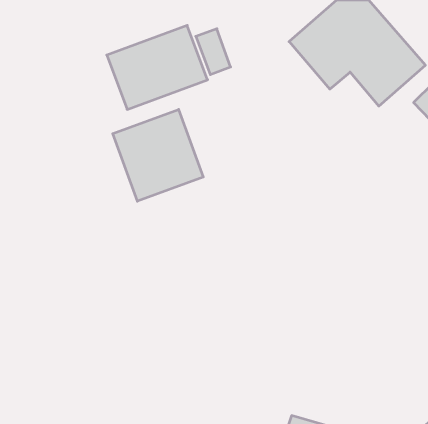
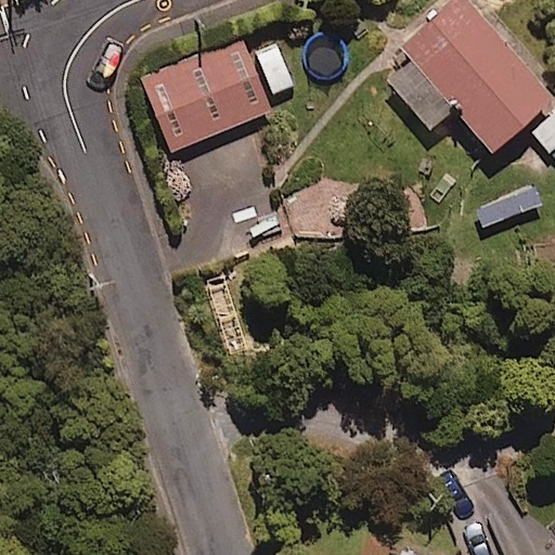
building: [113,109,203,201] -> none

